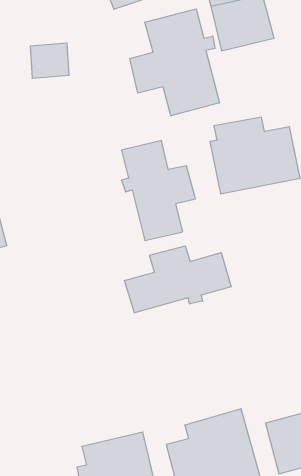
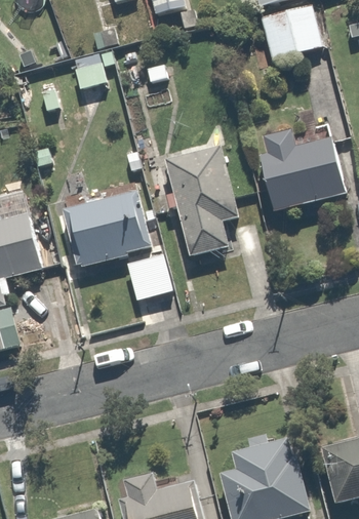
building: [130,9,219,116] -> none
building: none -> [59,172,170,297]
building: [124,246,231,313] -> none

